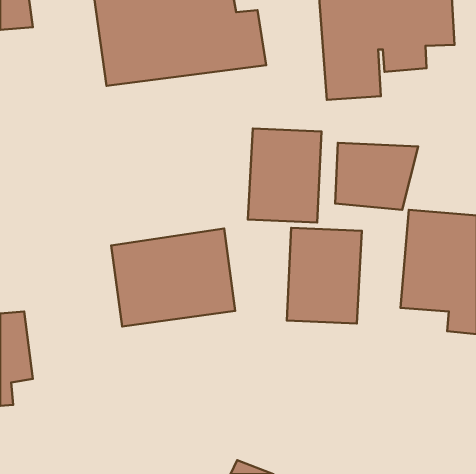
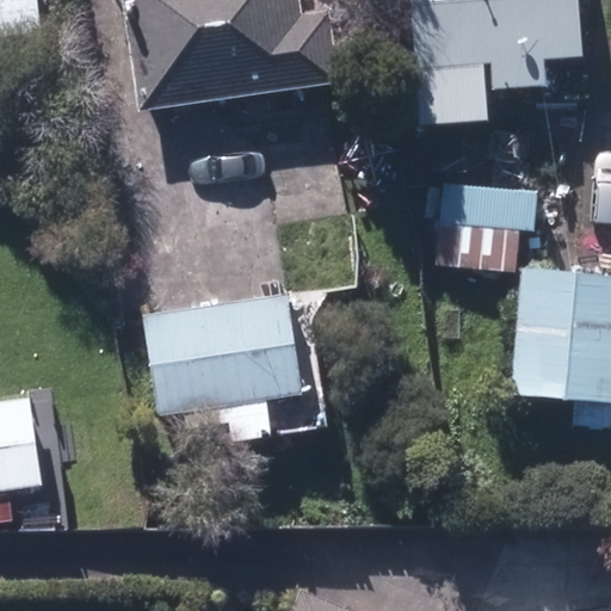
building: [248,128,321,222] -> none
building: [287,228,362,323] -> none

